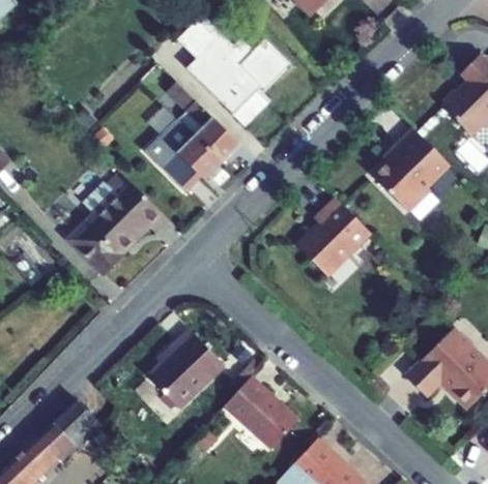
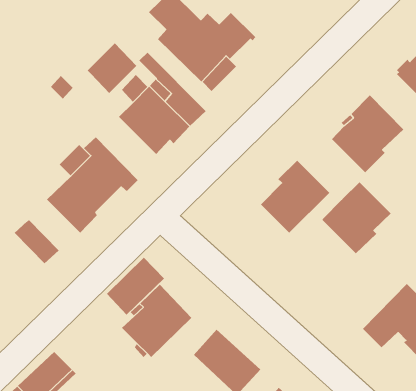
building: none -> [87,43,137,94]
building: none -> [321,181,392,254]
building: none -> [14,219,59,264]
building: none -> [106,257,165,316]

